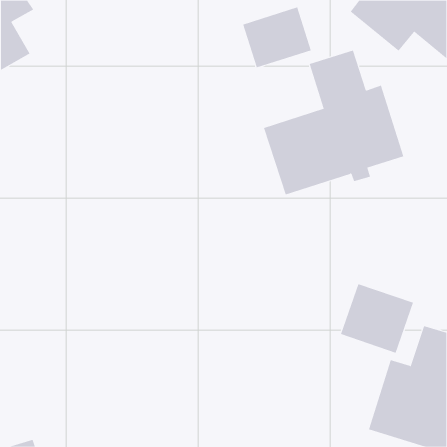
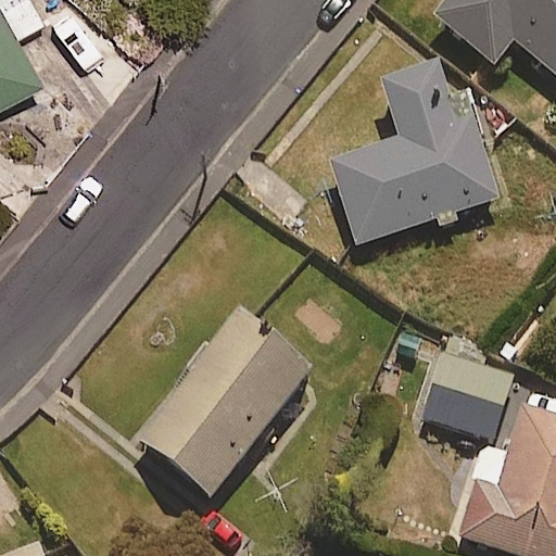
building: [242,7,312,68] -> none
building: none -> [139,308,314,493]

